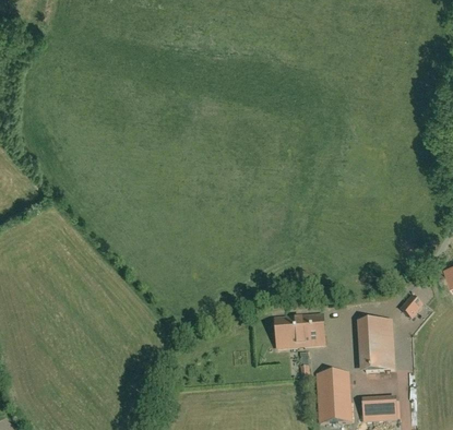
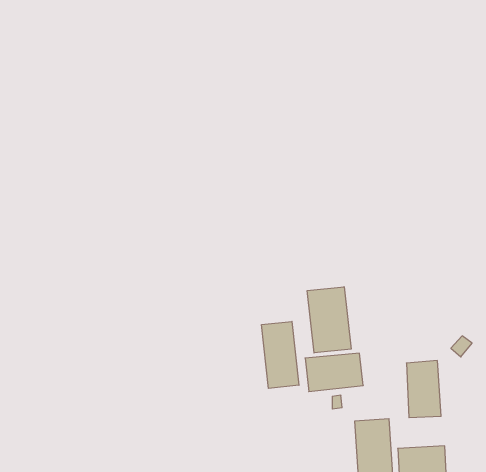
building: none -> [307,287,351,353]
building: none -> [262,321,299,388]

